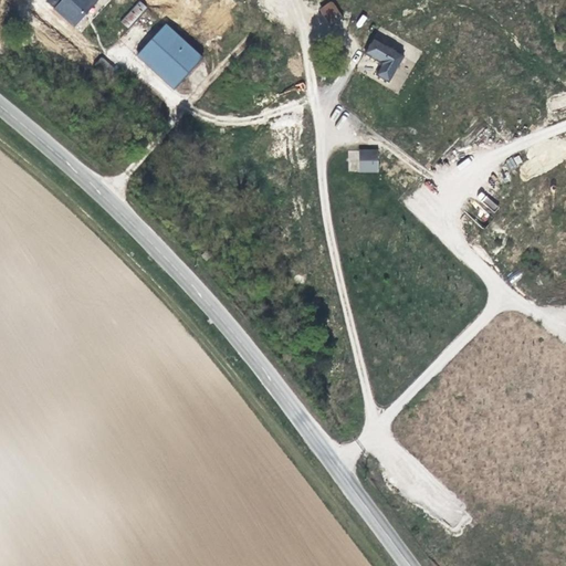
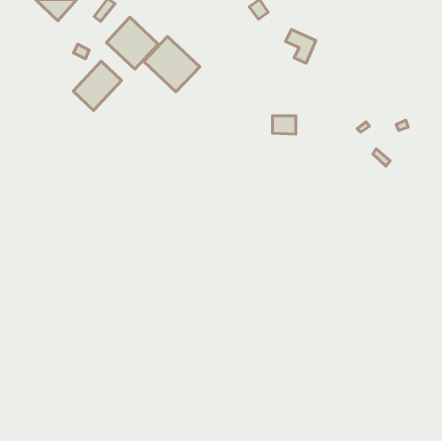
building: none -> [144,37,200,92]
building: none -> [73,61,122,110]

